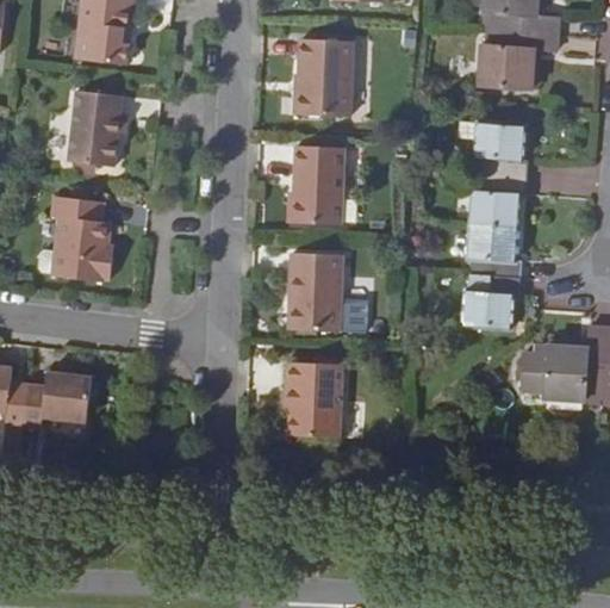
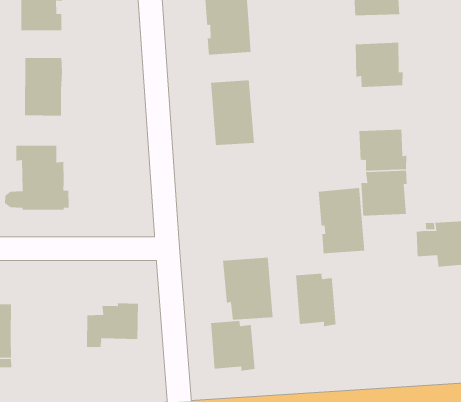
building: [467,173,527,228] -> none
building: [288,253,342,331] -> [318,187,365,254]
building: [23,374,92,427] -> [86,303,139,348]
building: none -> [295,273,337,327]
building: none -> [210,320,255,372]

